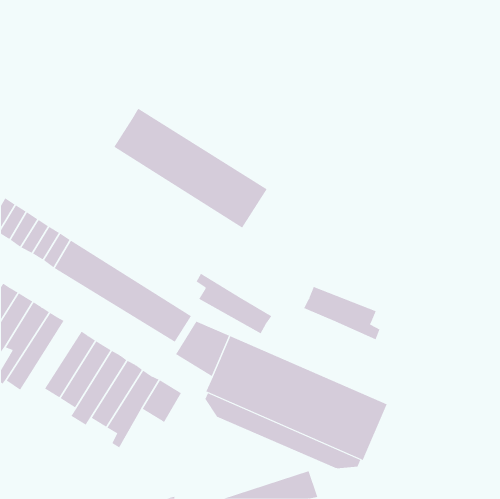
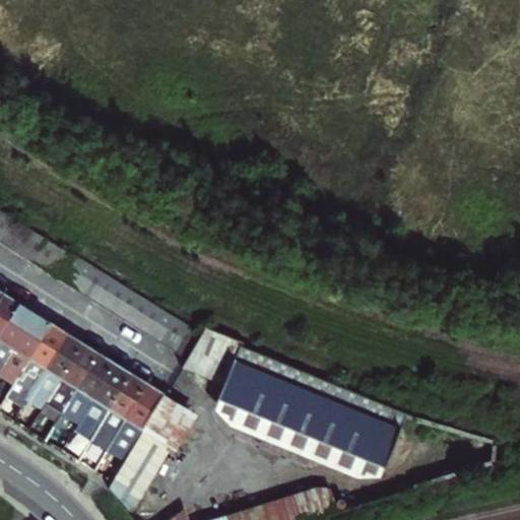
building: [113,108,267,229] -> none
building: [196,273,272,334] -> none
building: [304,286,380,340] -> none
building: none -> [28,333,84,405]
building: none -> [110,425,168,508]

